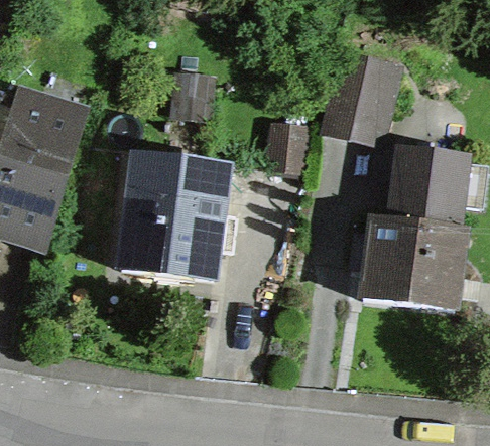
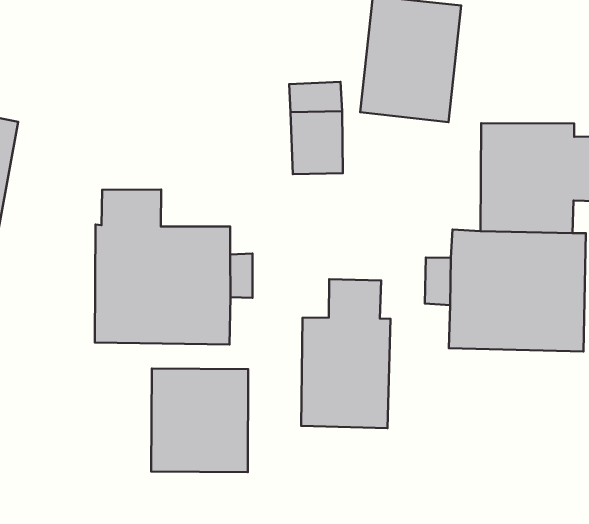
building: none -> [301,279,390,428]
building: none -> [151,368,248,472]

